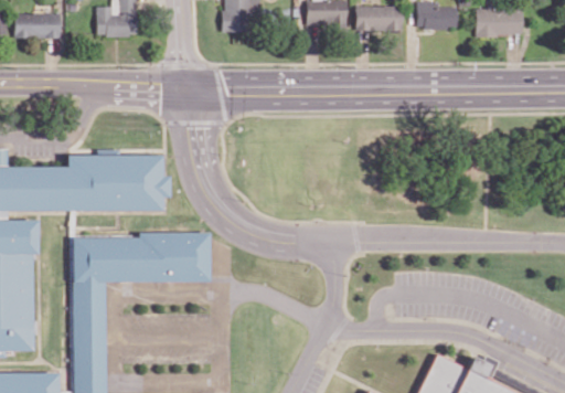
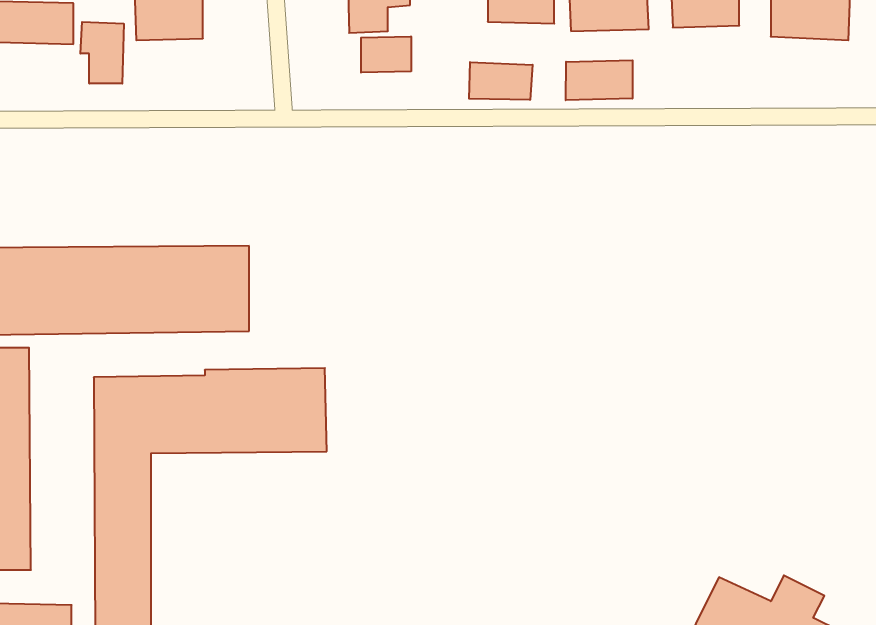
building: none -> [80,22,124,84]
building: none -> [361,36,411,73]
building: none -> [566,60,633,100]
building: none -> [469,62,533,100]

